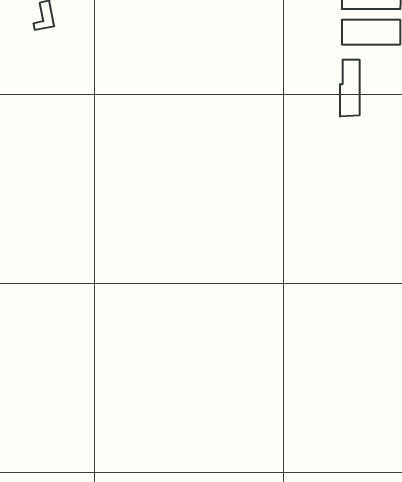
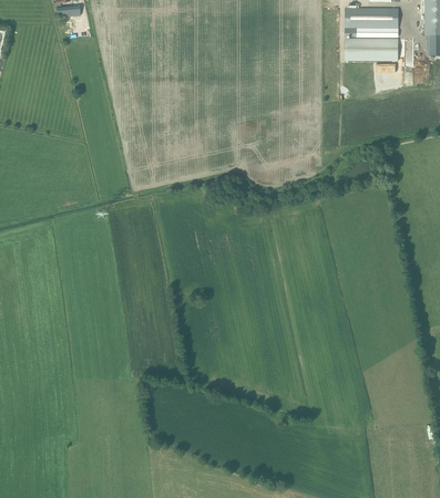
building: [340,60,359,117] -> none

